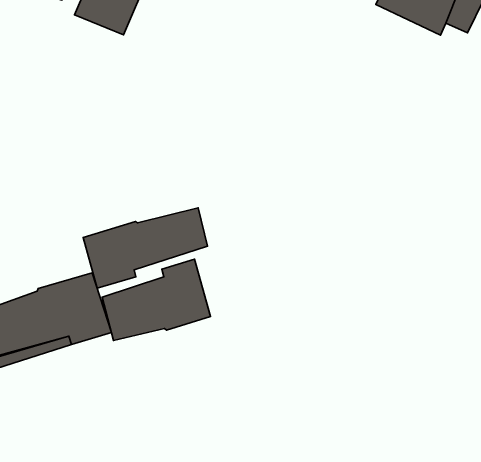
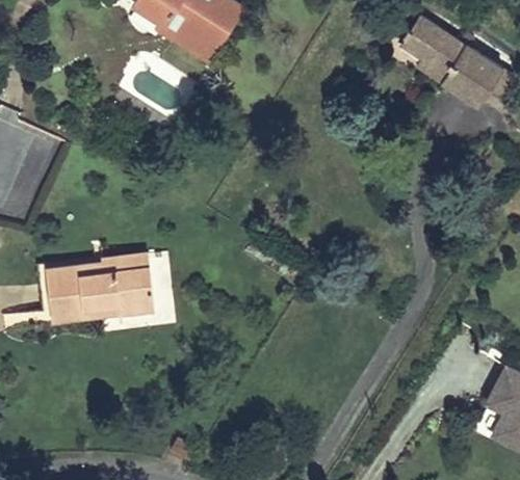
building: [83,208,208,288] -> none
building: [102,259,210,340] -> none

